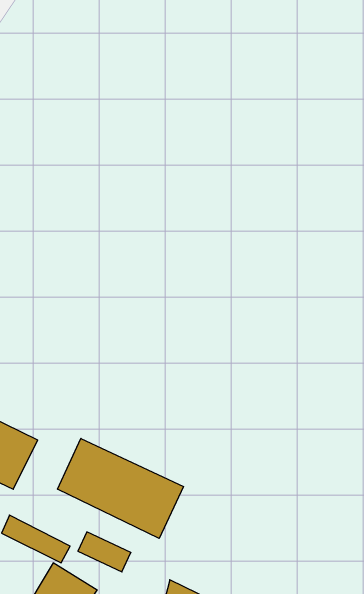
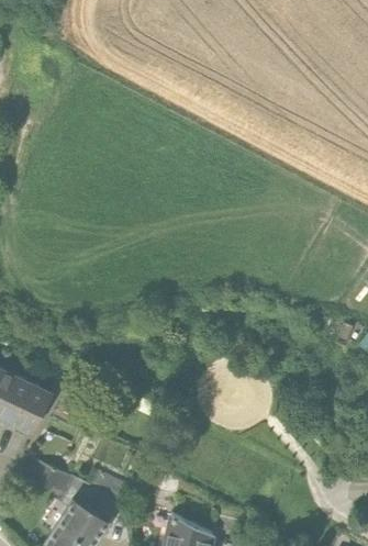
building: [58,438,183,538] -> none

